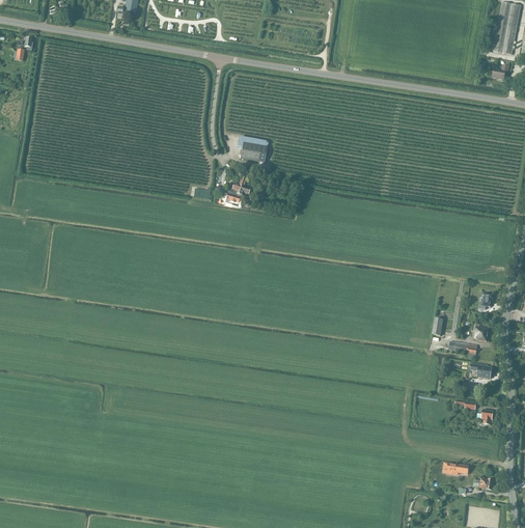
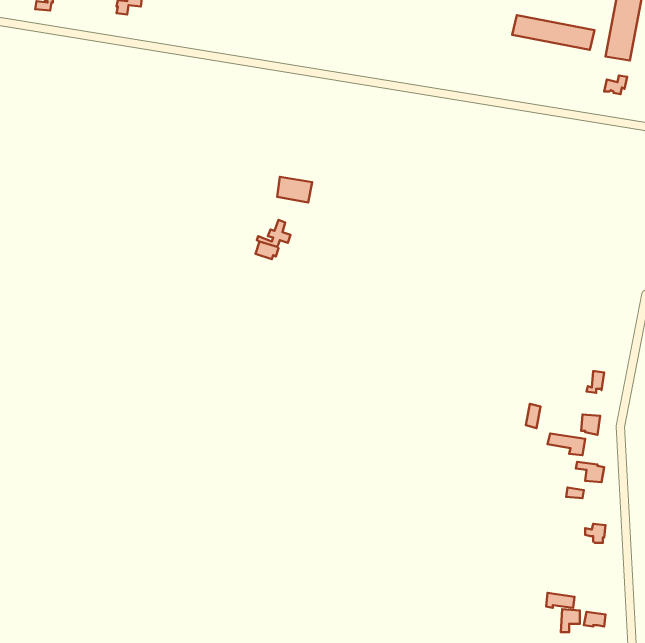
building: none -> [512,15,594,50]

